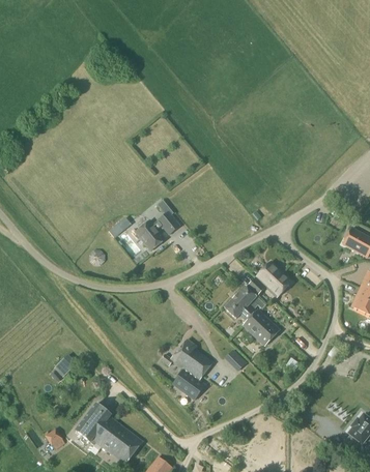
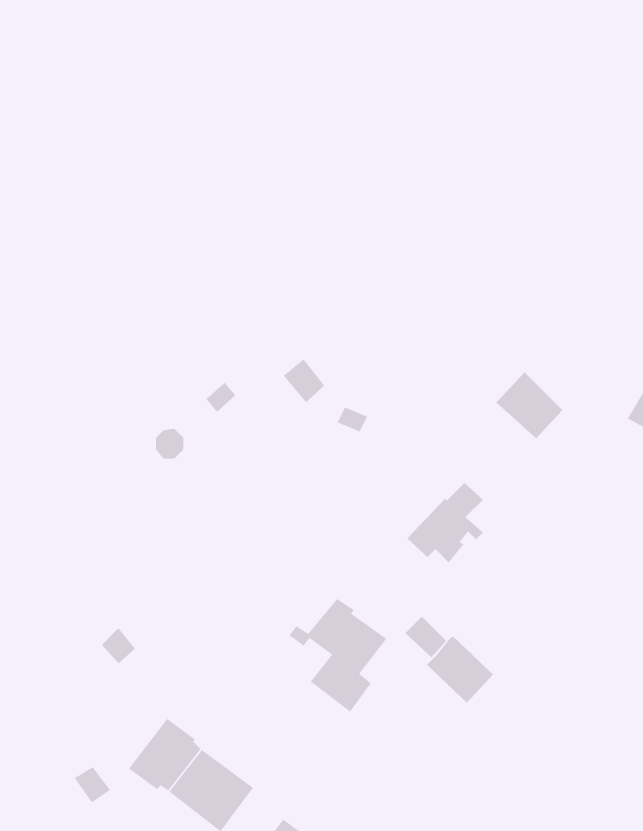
building: [135,218,165,248] -> none
building: [255,260,291,296] -> [496,372,563,439]
building: [243,308,279,345] -> [426,636,494,704]

